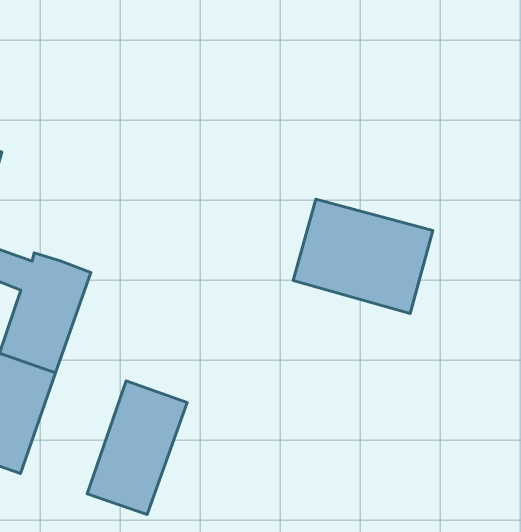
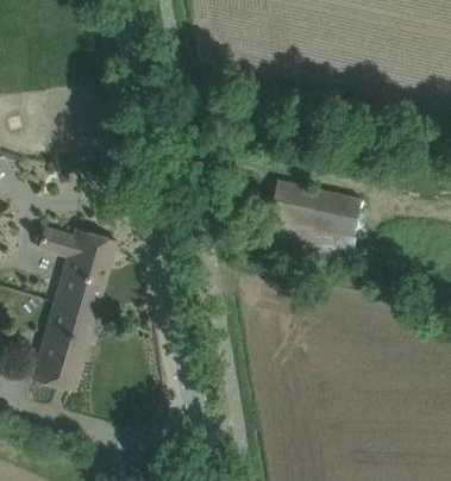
building: [87,381,187,515] -> none

